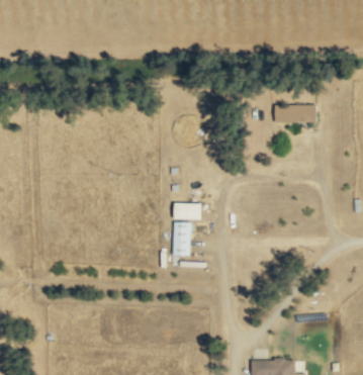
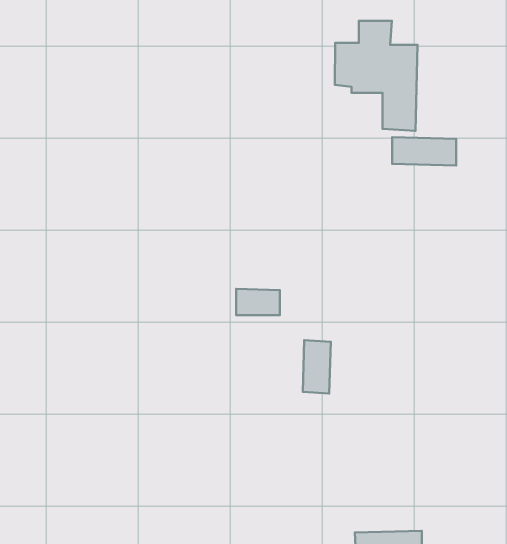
building: none -> [335,21,418,131]
building: [172,221,190,256] -> [303,340,331,393]

